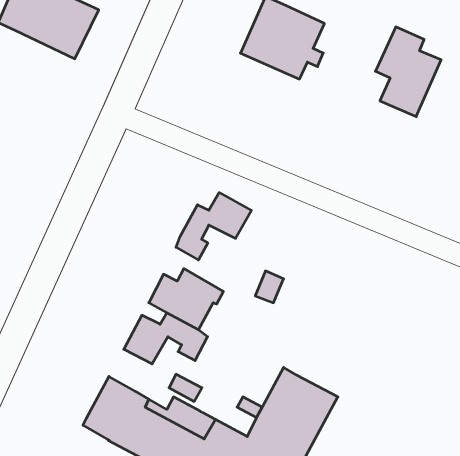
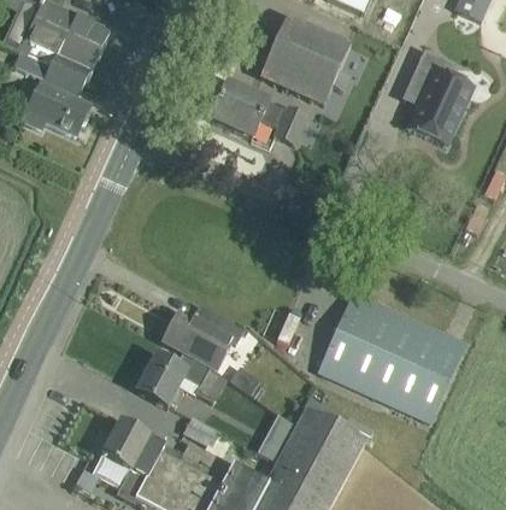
building: none -> [14,52,89,135]
building: none -> [211,82,306,143]
building: [176,193,251,260] -> none
building: none -> [317,292,465,422]

